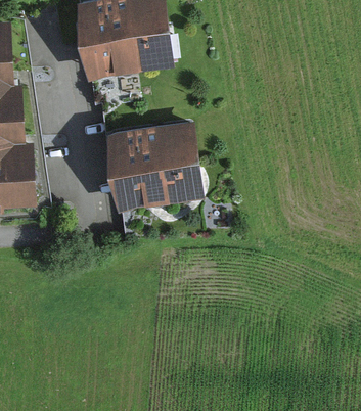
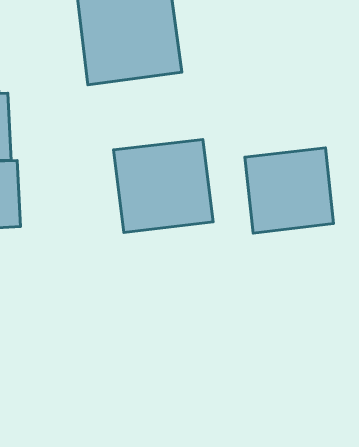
building: none -> [245,148,334,233]

